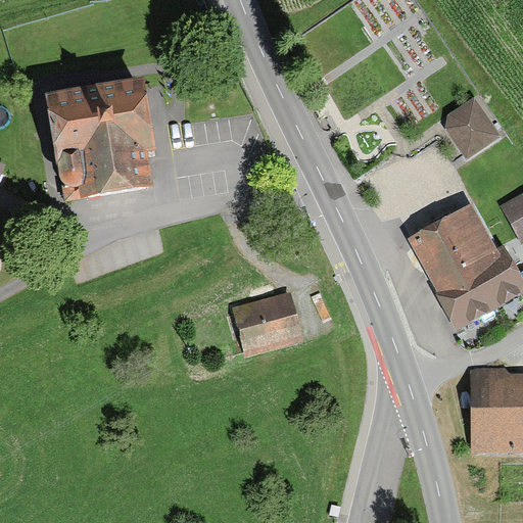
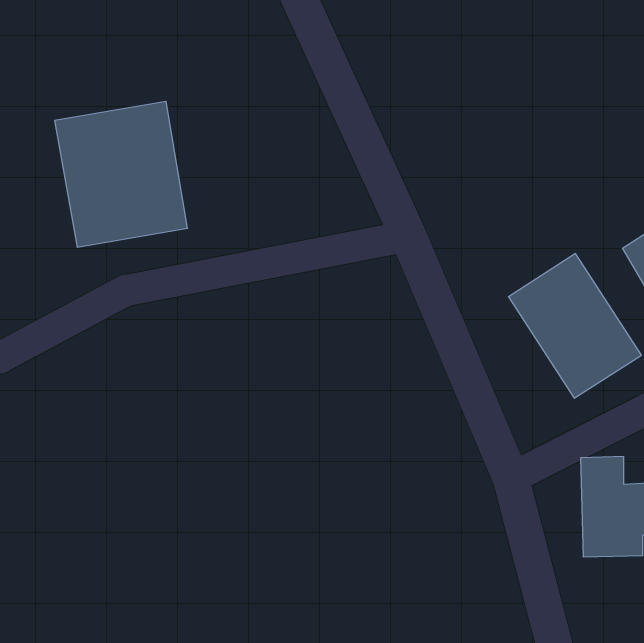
building: [445,92,508,156] -> none
building: [227,292,299,360] -> none

